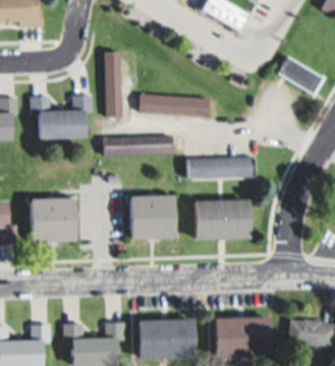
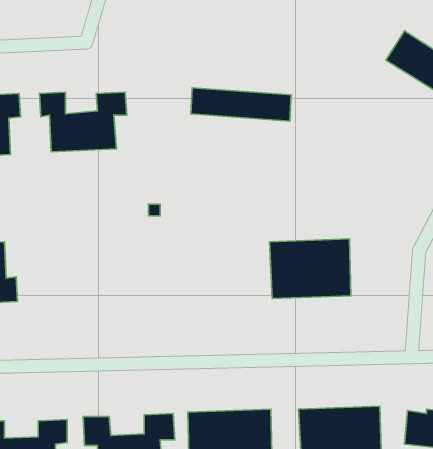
building: [105,51,122,116] -> none
building: [103,135,172,156] -> none
building: [186,157,256,178] -> none
building: [128,195,174,241] -> none
building: [29,198,77,243] -> none

